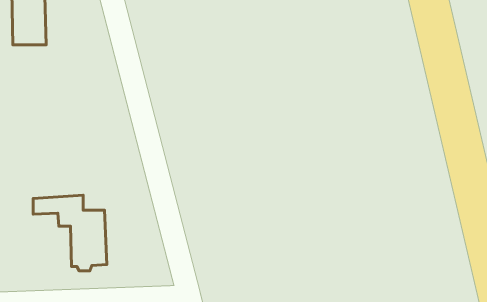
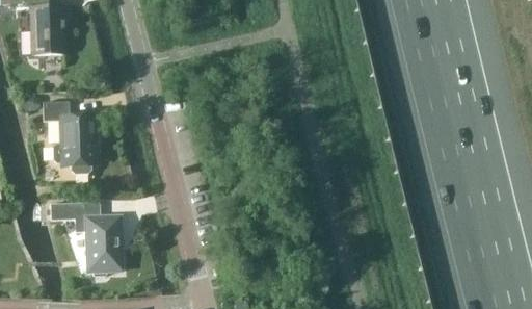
building: none -> [43,102,96,174]

